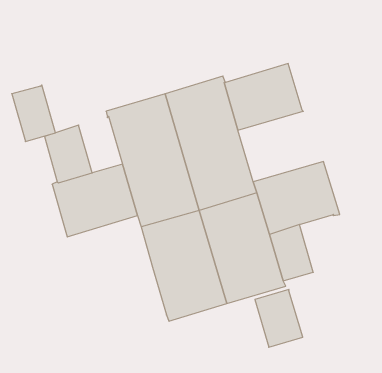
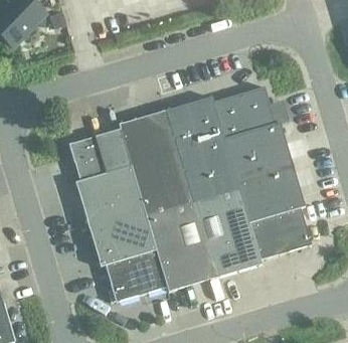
building: [12,85,56,142] -> [97,128,132,173]
building: none -> [224,122,293,180]
building: none -> [88,207,167,302]
building: [255,289,303,347] -> [274,206,312,252]

